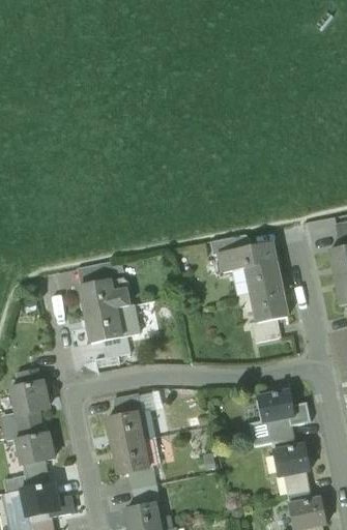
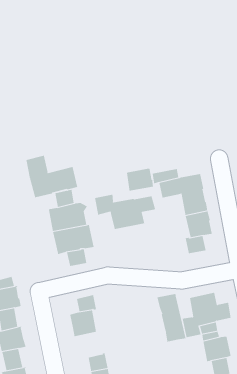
building: none -> [26,155,78,198]
building: none -> [126,167,154,192]
building: none -> [94,194,156,230]
building: none -> [157,293,186,343]
building: [113,439,148,473] -> none

